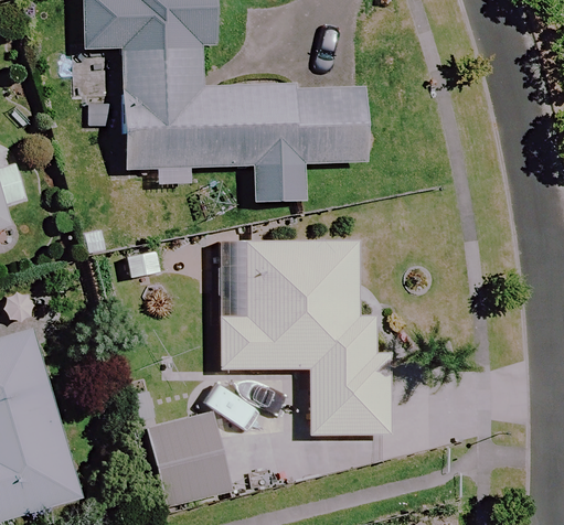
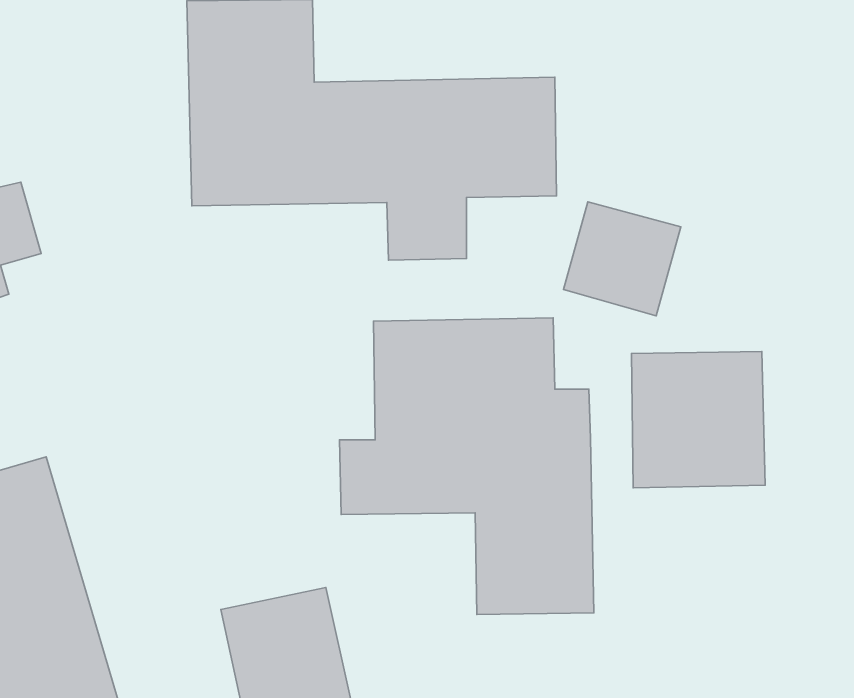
building: none -> [563,202,681,316]
building: none -> [631,352,765,488]

